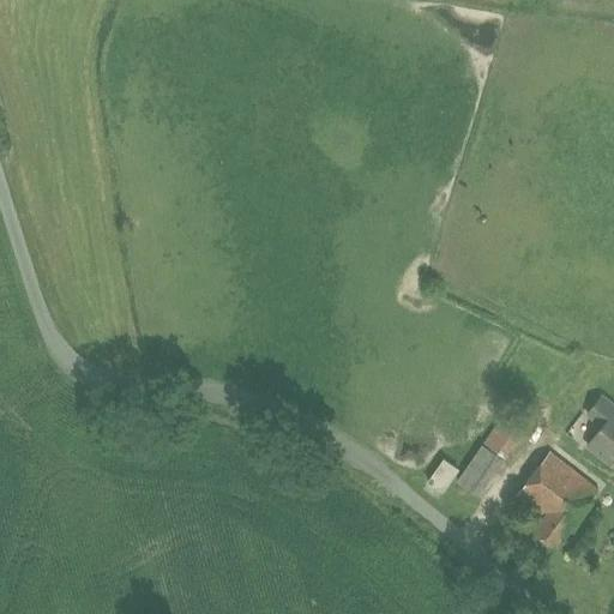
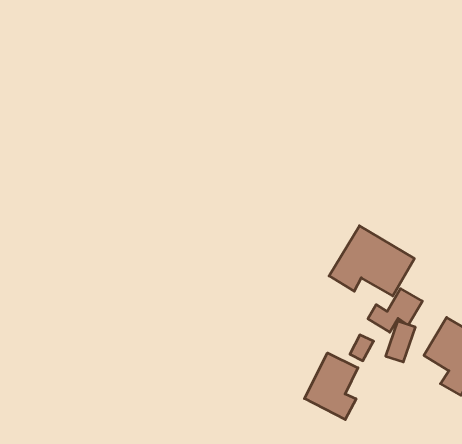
building: none -> [329,226,414,296]
building: none -> [304,353,358,420]

